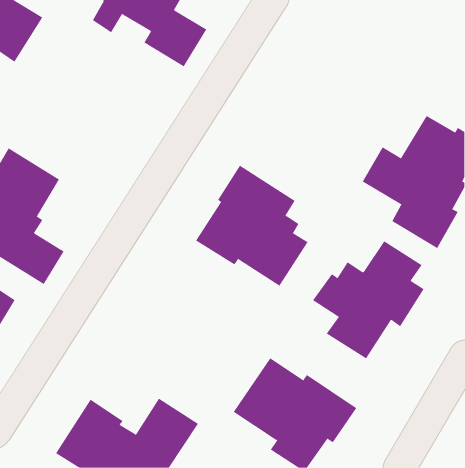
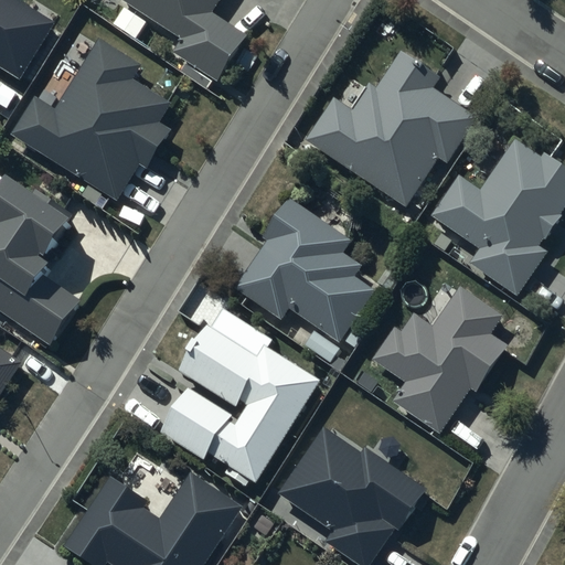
building: none -> [14,42,168,198]
building: none -> [308,52,479,202]
building: none -> [162,324,320,481]

